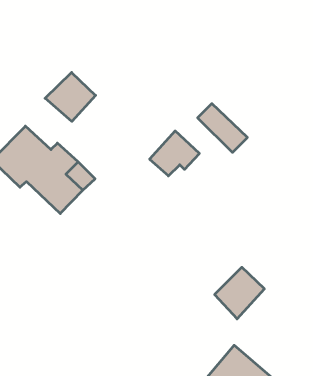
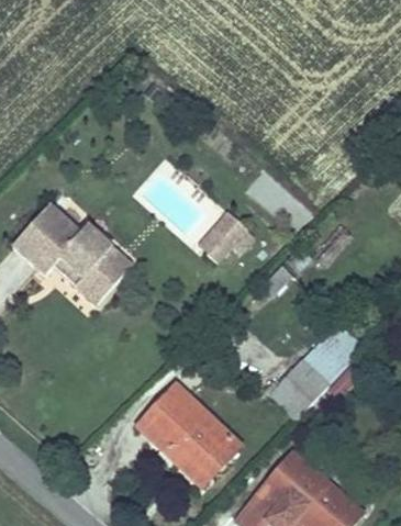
building: [45,72,96,121] -> none
building: none -> [302,333,358,389]
building: none -> [137,388,237,484]

